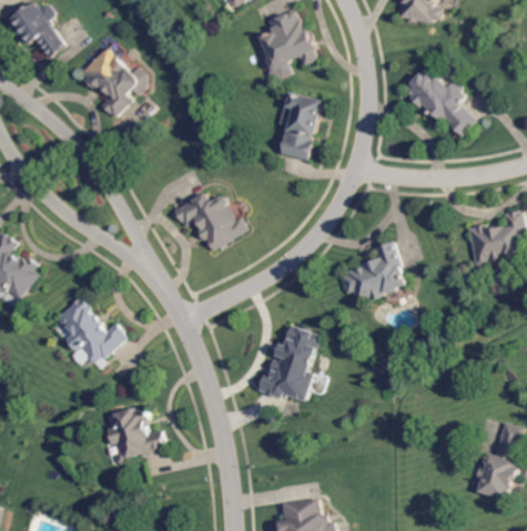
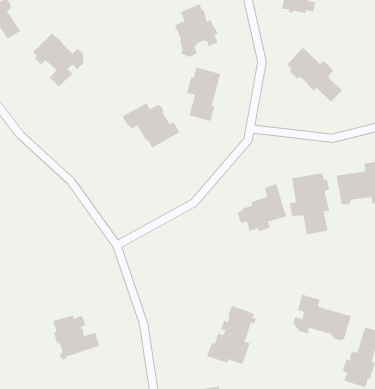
building: [171,193,246,252] -> [121,103,181,149]
building: none -> [289,173,330,235]
building: [54,297,124,362] -> none
building: [257,325,322,401] -> [206,305,257,365]
building: none -> [292,294,352,341]

